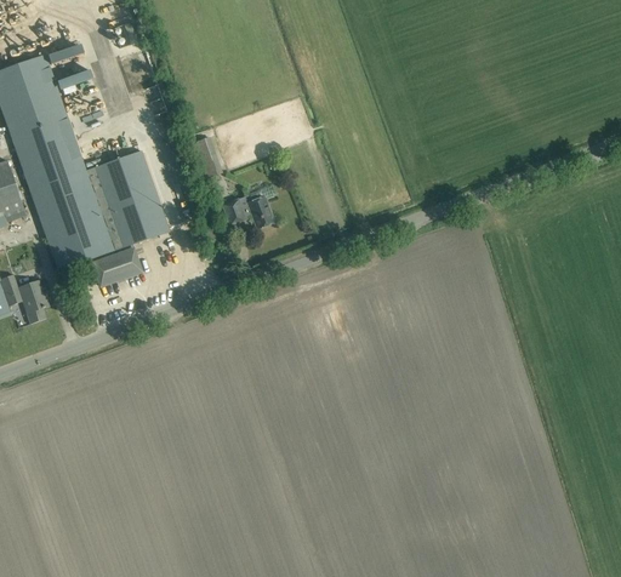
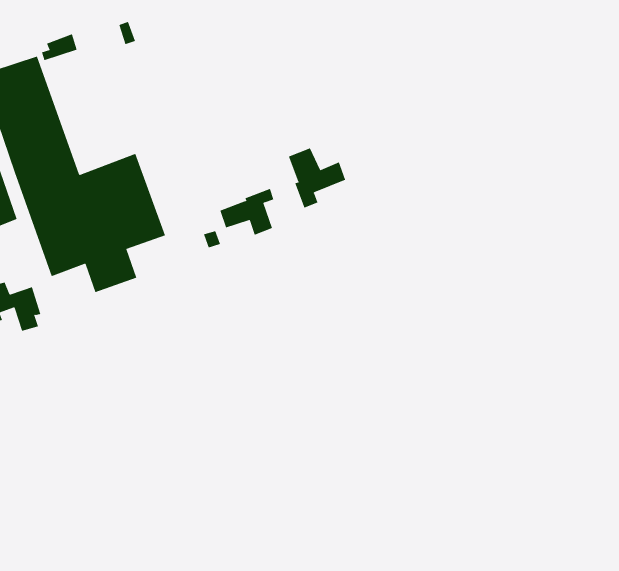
building: [194,137,221,177] -> none
building: none -> [288,147,346,209]

